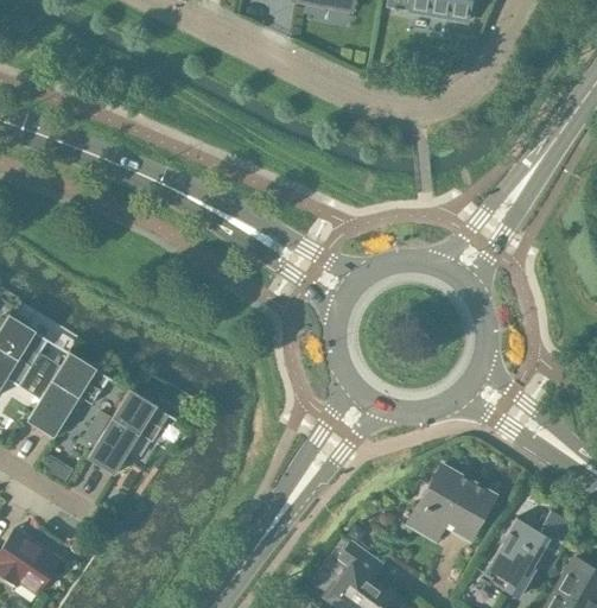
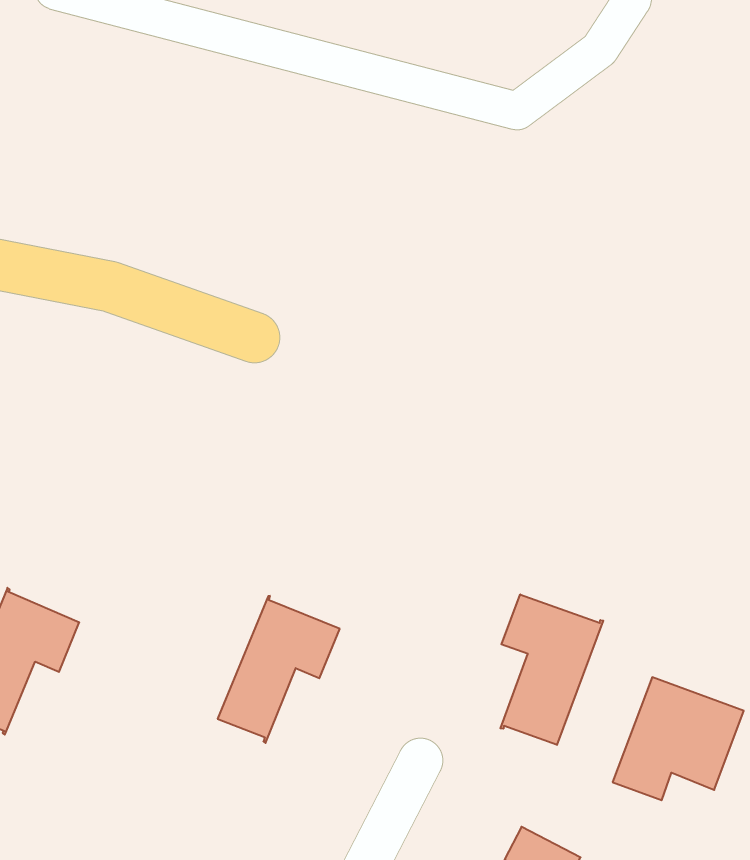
building: [88,388,169,475] -> [218,596,340,743]
building: none -> [500,594,603,745]

